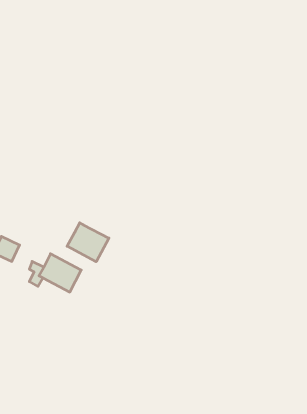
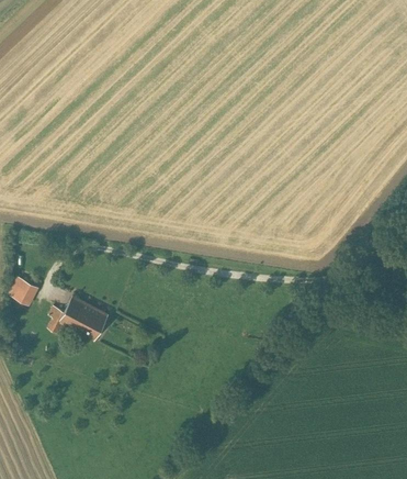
building: [67,223,109,262] -> none

